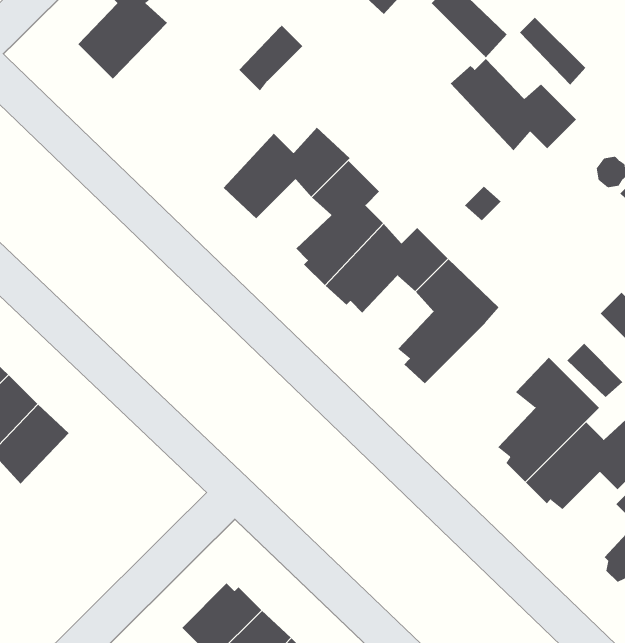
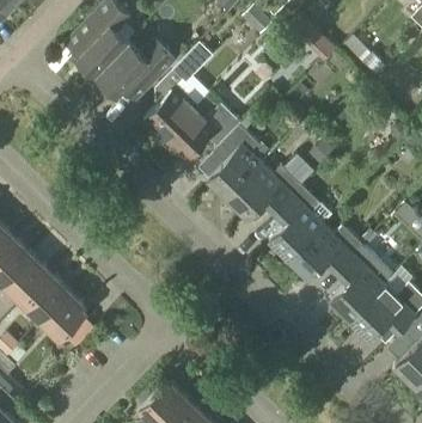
building: none -> [96,38,175,96]
building: [450,58,577,151] -> none
building: none -> [142,88,194,141]
building: none -> [286,223,361,277]
building: none -> [39,290,86,339]

